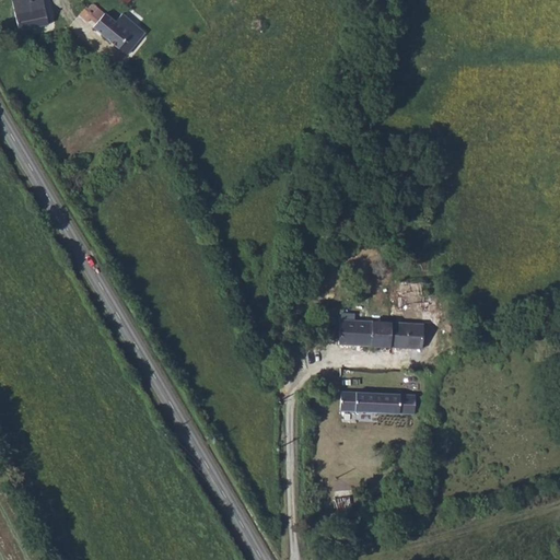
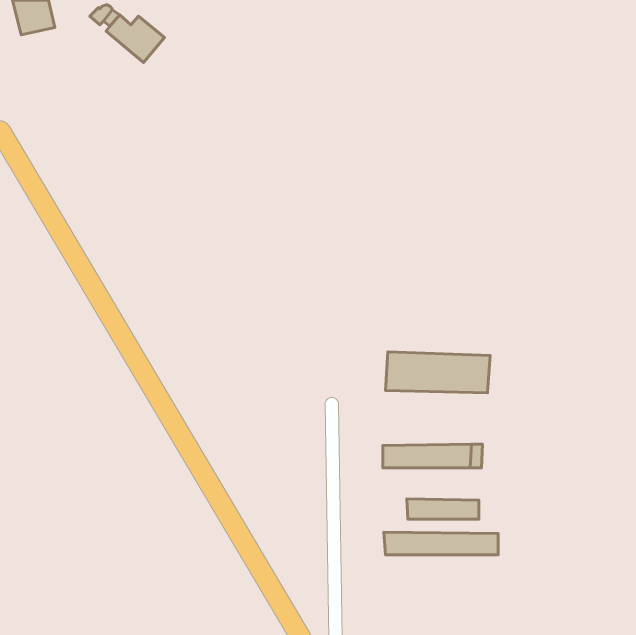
building: none -> [407,499,479,519]
building: none -> [384,532,498,555]

